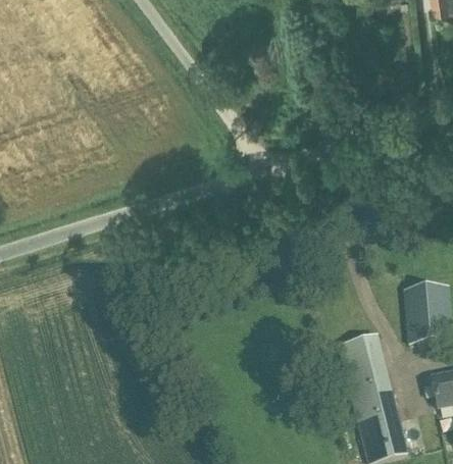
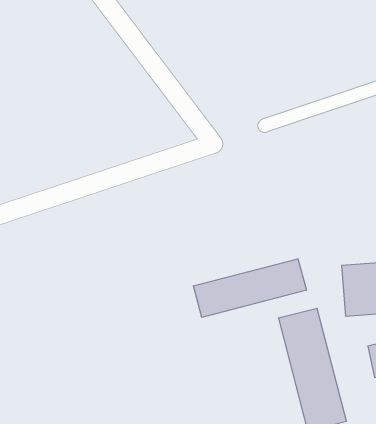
building: none -> [193,259,306,317]

